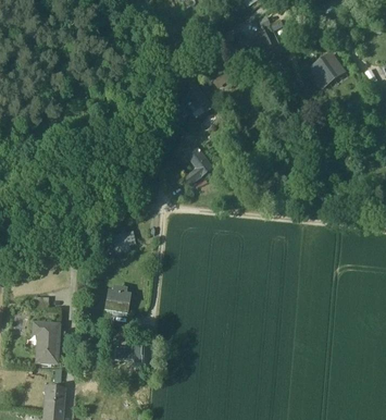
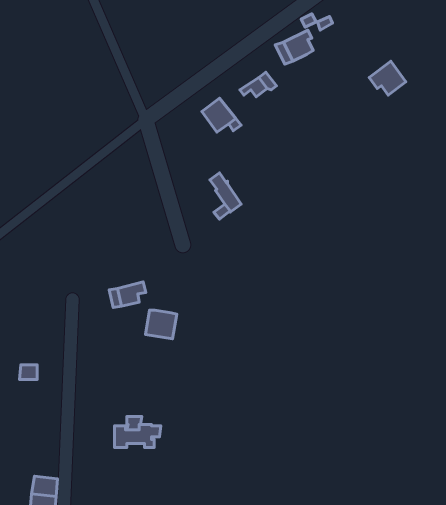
building: [104,291,129,313] -> [145,310,177,339]
building: [33,323,59,363] -> none

